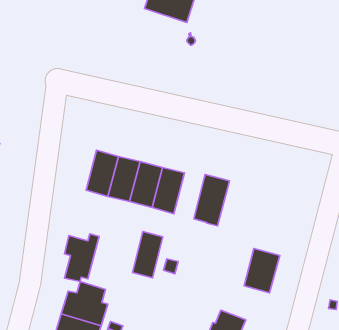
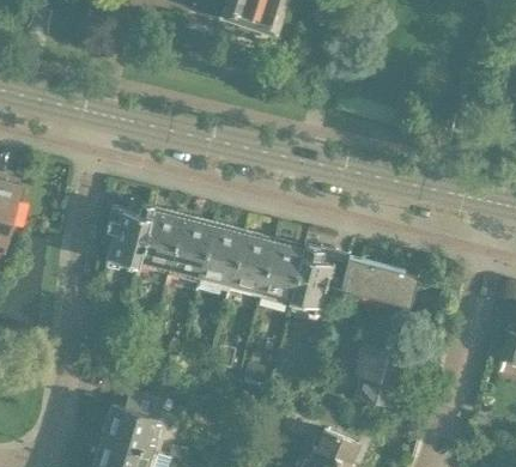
building: none -> [335,256,418,314]
building: [132,232,163,278] -> [260,243,302,307]
building: [65,234,99,282] -> [107,205,154,271]

